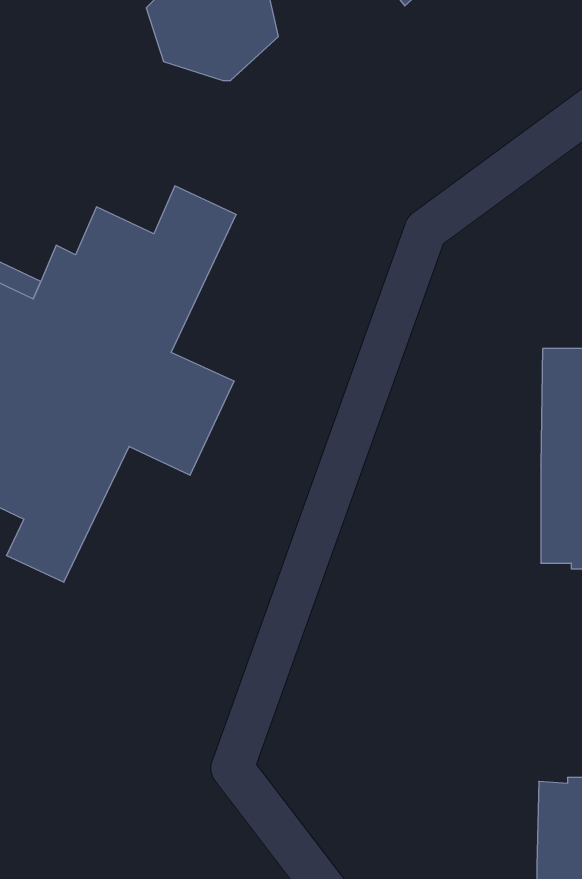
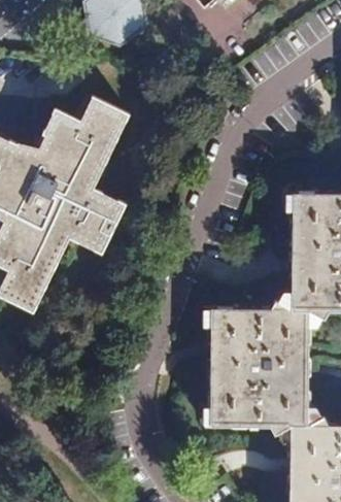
building: none -> [211,303,308,422]

